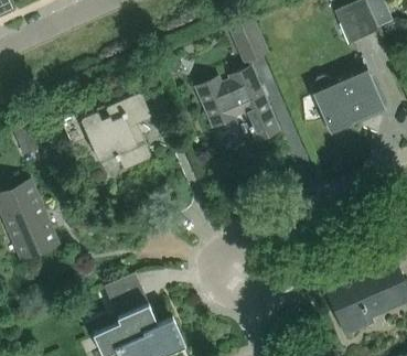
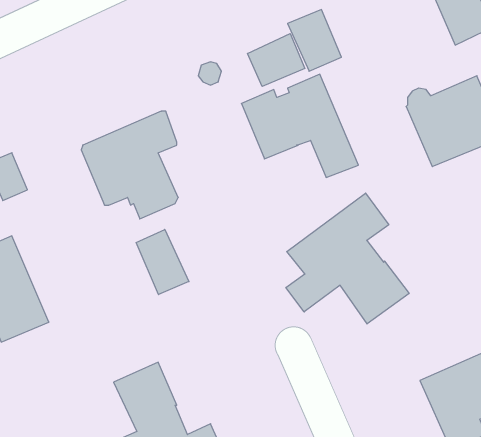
building: none -> [248,34,305,86]
building: none -> [286,193,409,324]
building: none -> [136,229,189,295]

